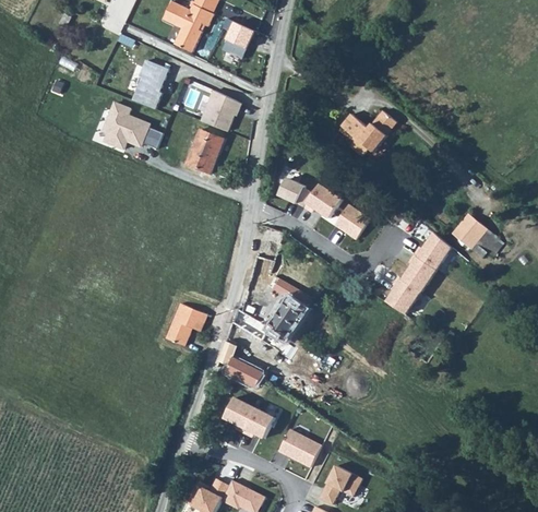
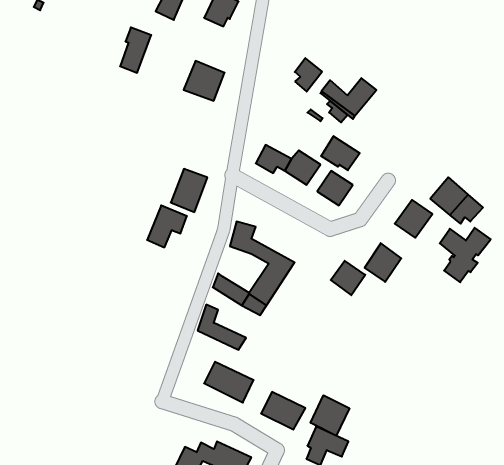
building: none -> [295,58,322,92]
building: [105,103,166,152] -> none
building: [184,129,222,172] -> [171,169,207,212]
building: none -> [321,136,360,170]
building: [400,258,435,293] -> [331,261,365,295]
building: none -> [440,228,491,282]
building: [165,302,205,345] -> [147,205,187,247]
building: none -> [311,395,349,436]

